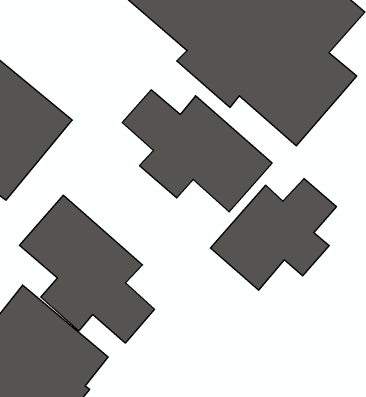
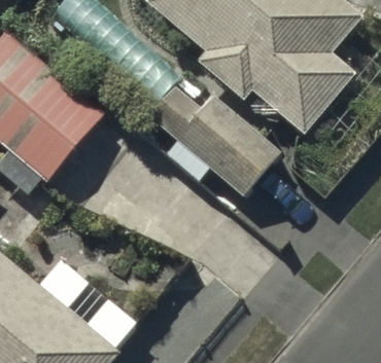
building: [210,178,336,290] -> none
building: [19,195,154,343] -> none

